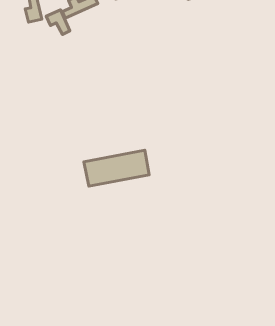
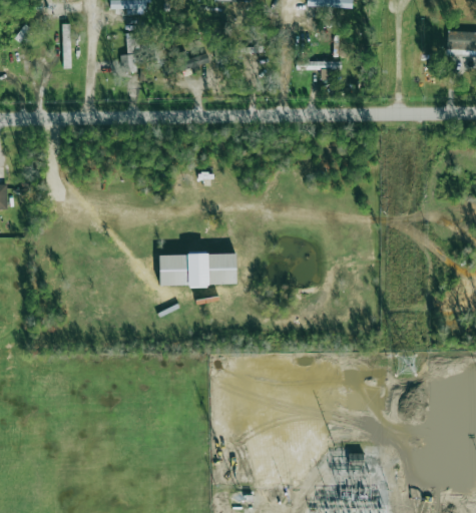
building: [46,10,70,35] -> none

